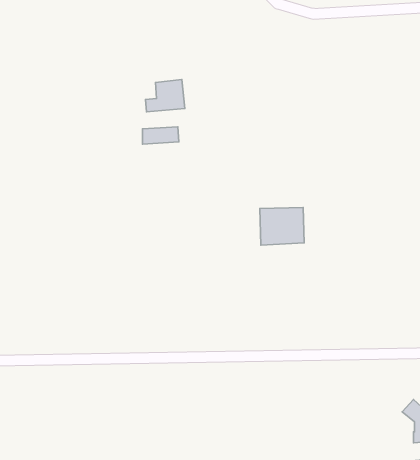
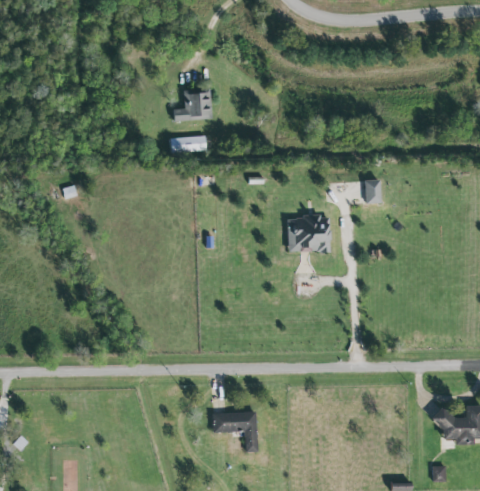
building: none -> [365,179,382,204]
building: none -> [212,412,257,452]

